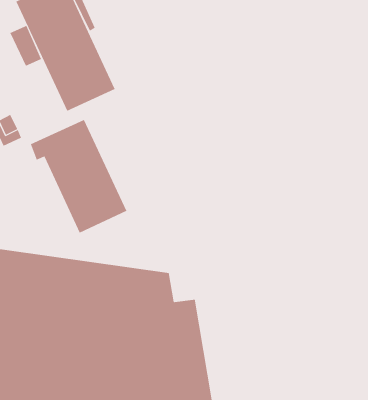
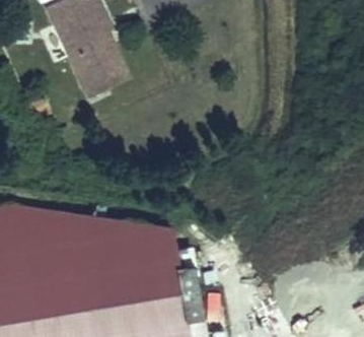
building: [30,119,127,233] -> none

